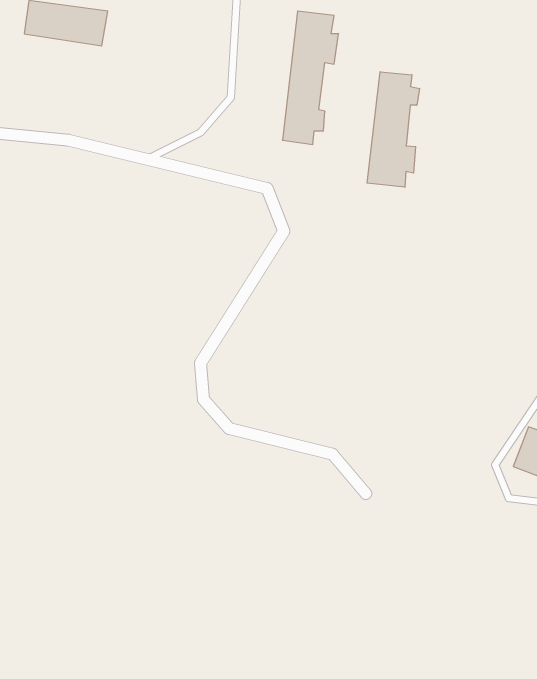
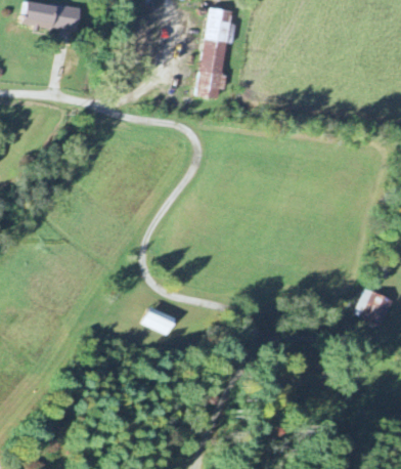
building: [367,72,420,187] -> none
building: none -> [142,307,176,336]

